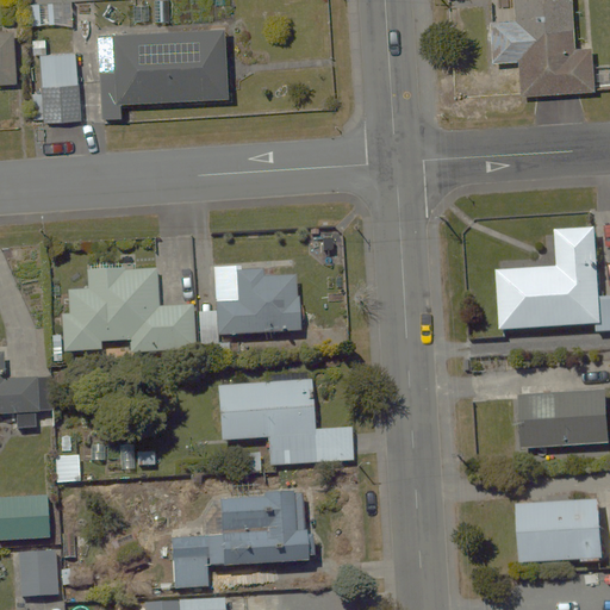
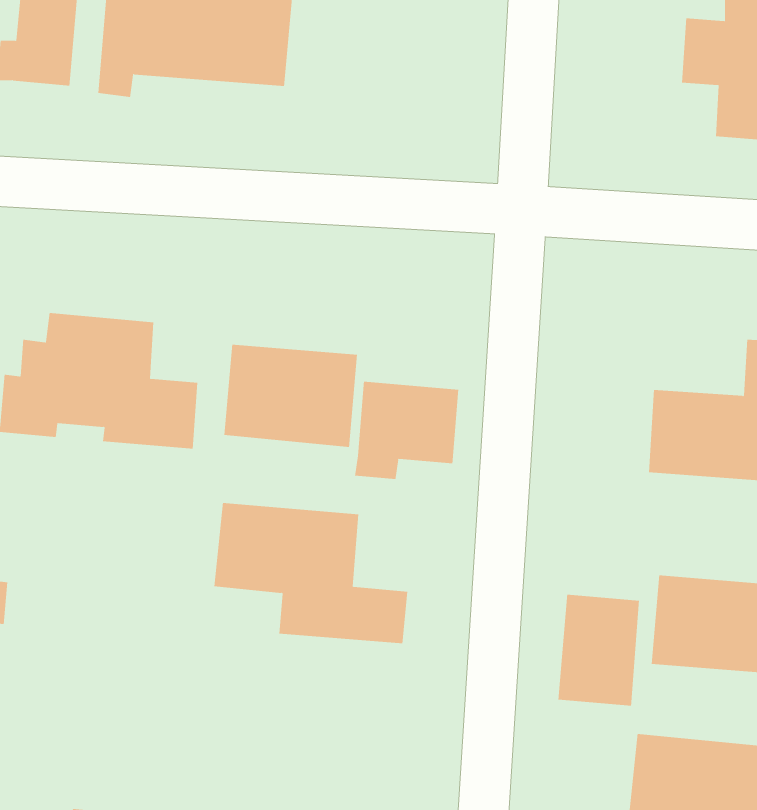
building: none -> [354,381,459,480]
building: none -> [558,594,639,706]
building: [172,492,317,587] -> none

